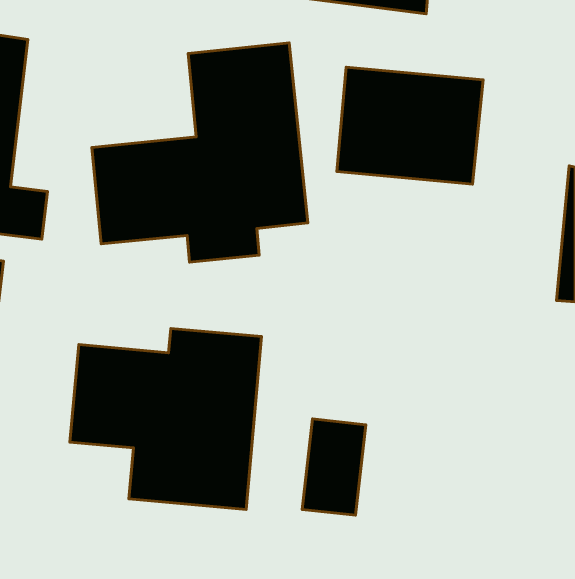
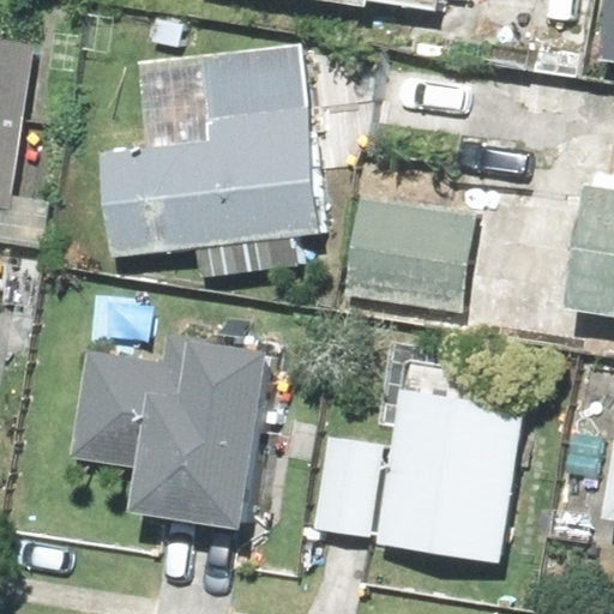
building: [337,67,483,184] -> [342,192,493,313]
building: none -> [375,385,520,562]

